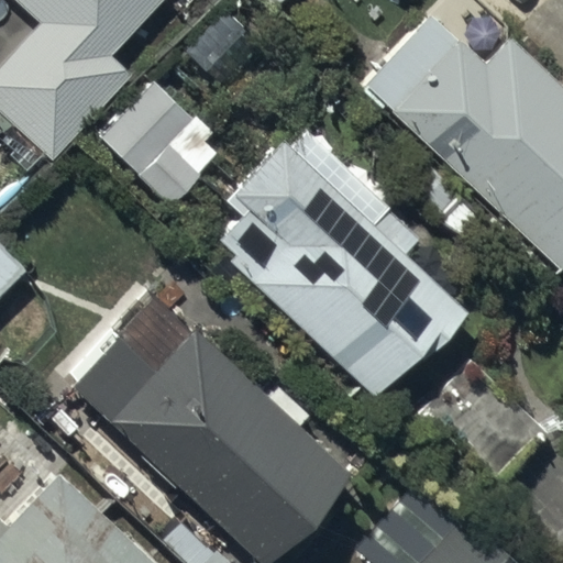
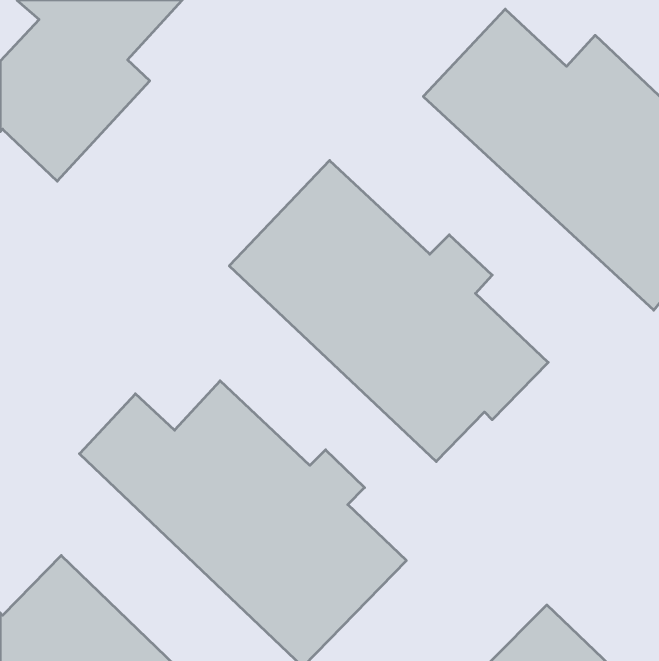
building: [103,84,224,203] -> none

